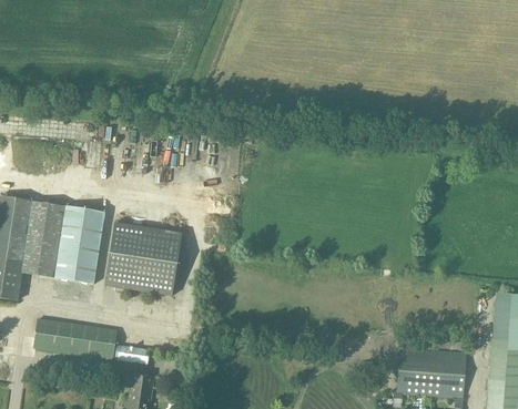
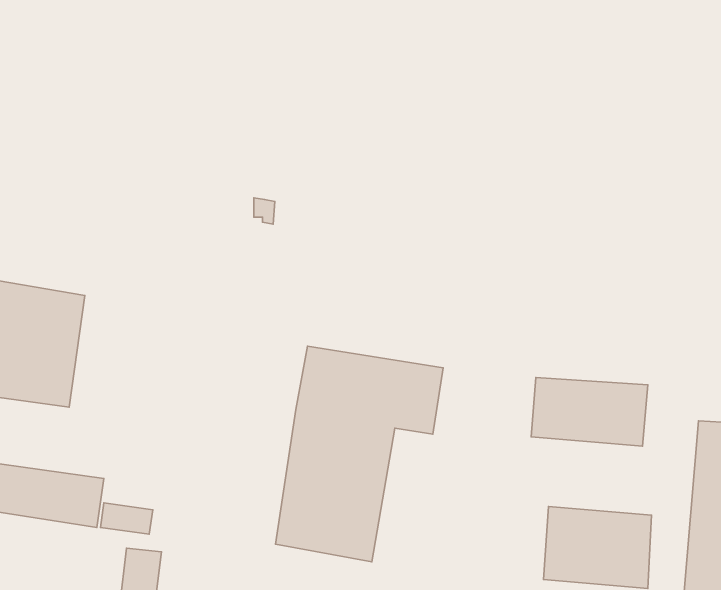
building: [105,223,182,296] -> none
building: none -> [276,346,443,562]
building: none -> [531,378,648,446]

